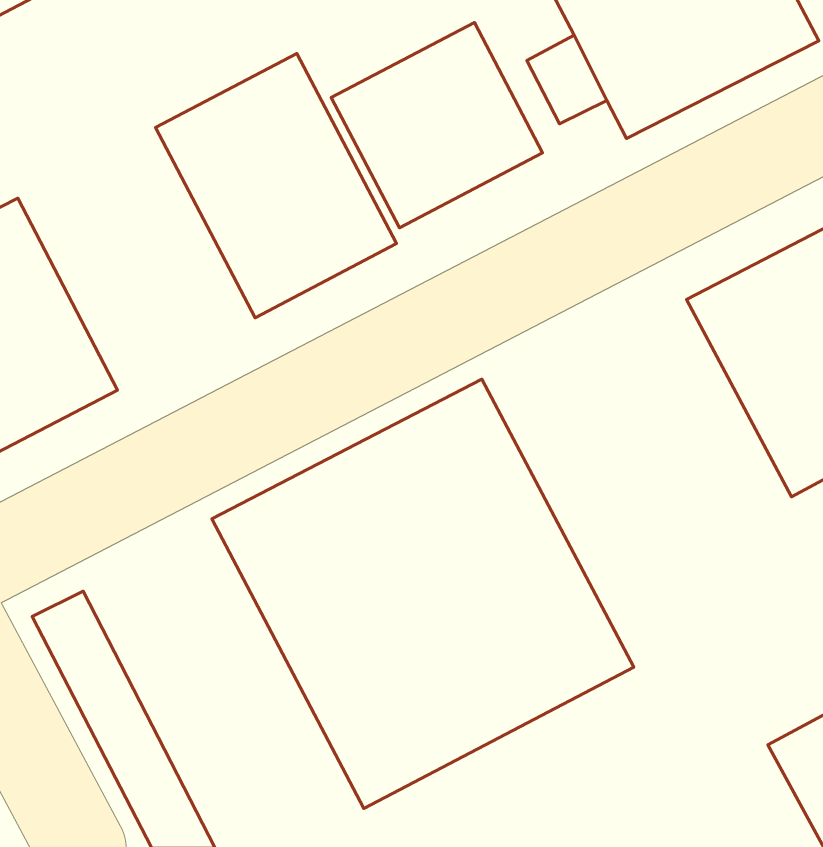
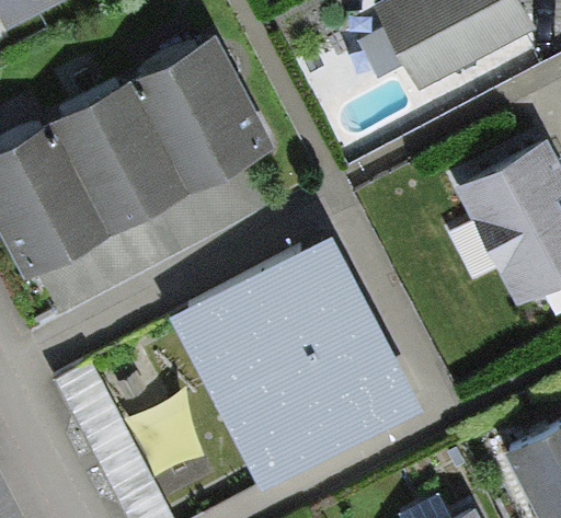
building: [331,22,543,228] -> none
building: none -> [50,81,194,240]

